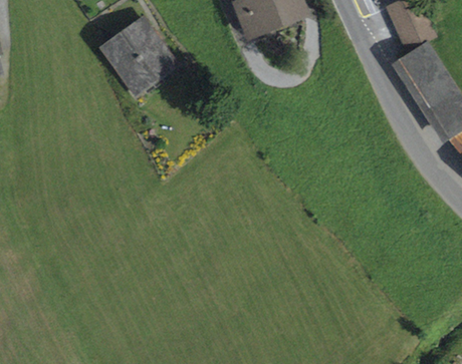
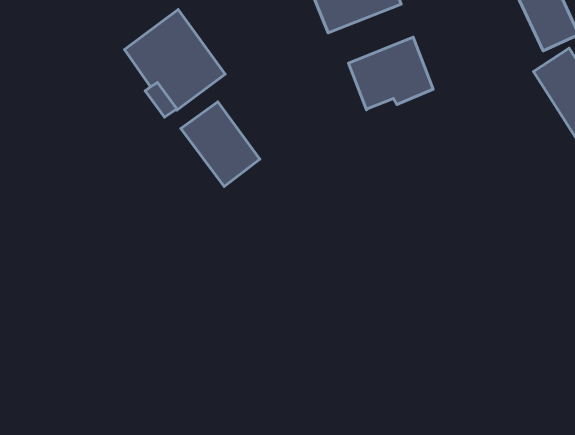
building: none -> [348,37,433,110]
building: none -> [181,102,260,187]

